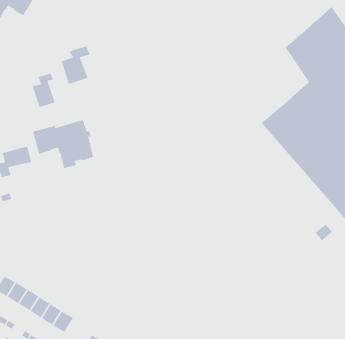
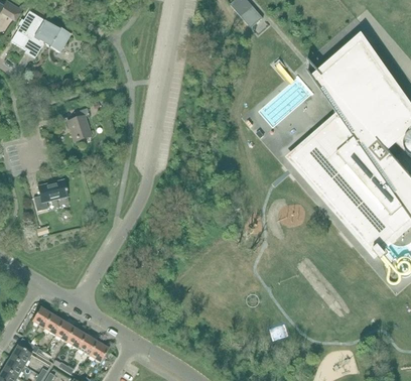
building: [61,46,90,85] -> none
building: [32,119,94,169] -> none

